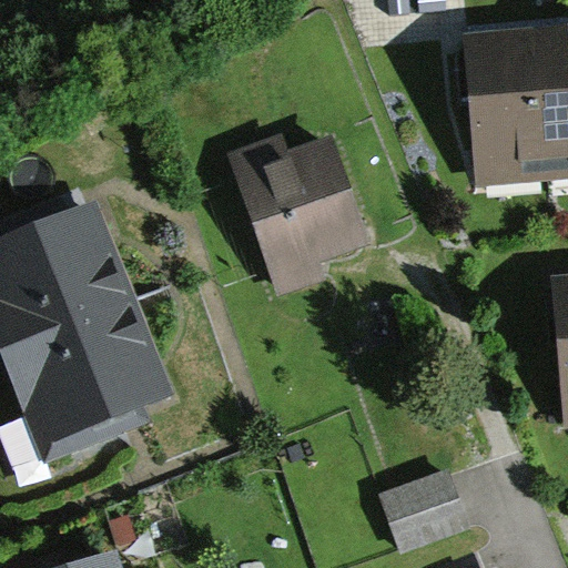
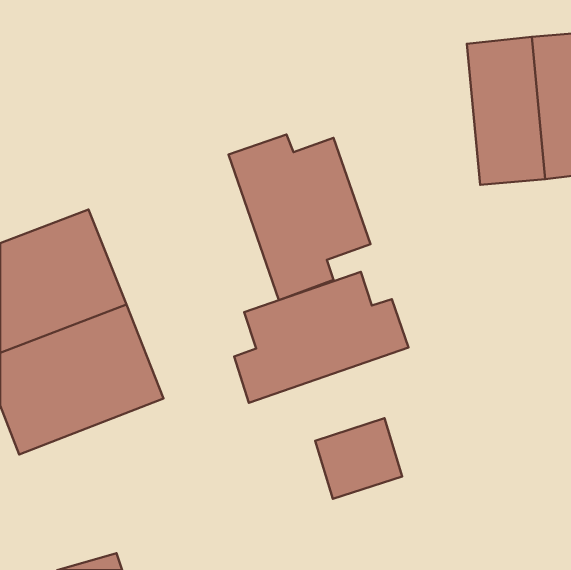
building: none -> [234,272,408,403]
building: [382,471,468,551] -> [315,418,402,499]

